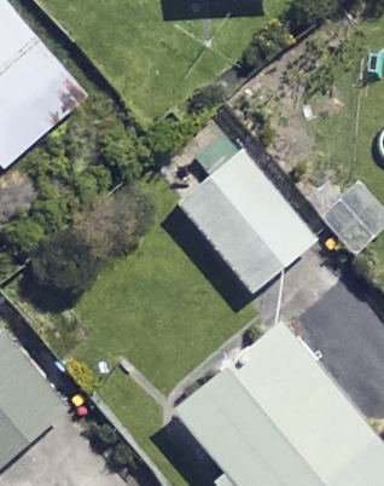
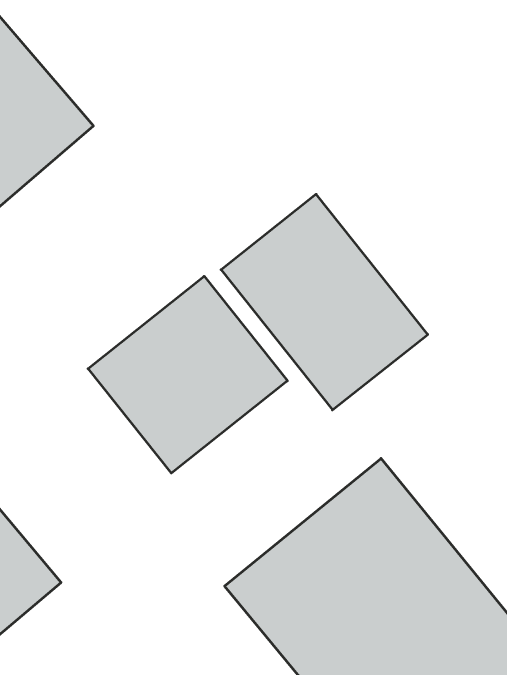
building: none -> [88,276,287,473]

